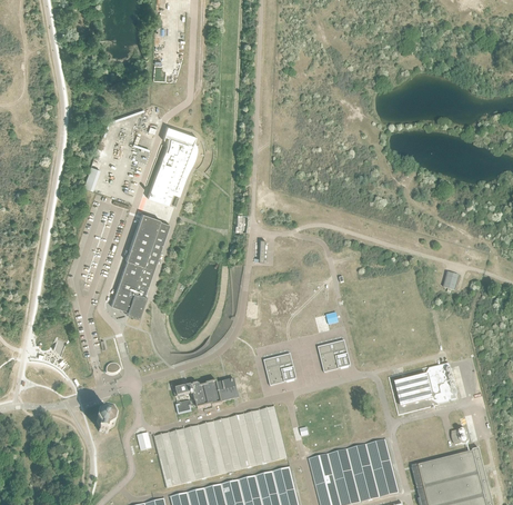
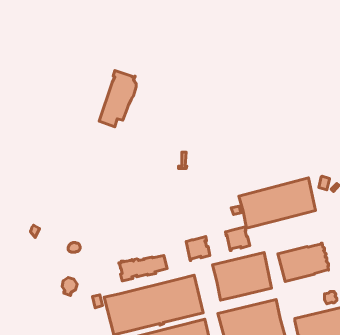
building: [109,212,168,318] -> none
building: none -> [239,178,315,228]
building: none -> [212,253,272,300]

